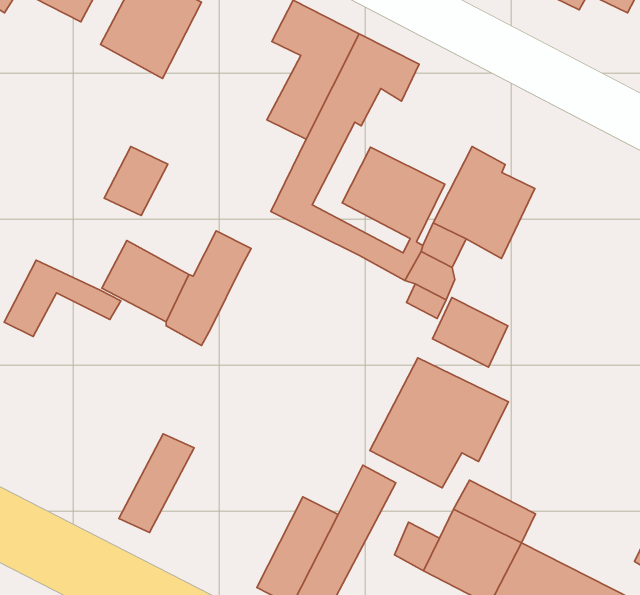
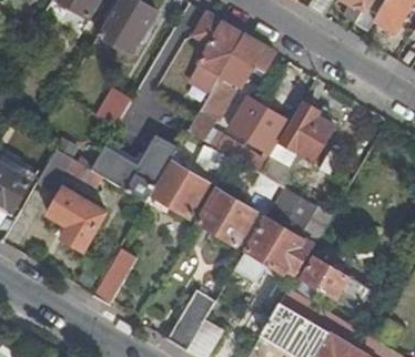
building: none -> [151,159,209,216]
building: none -> [198,187,255,245]
building: none -> [48,185,107,251]
building: none -> [302,256,368,306]

